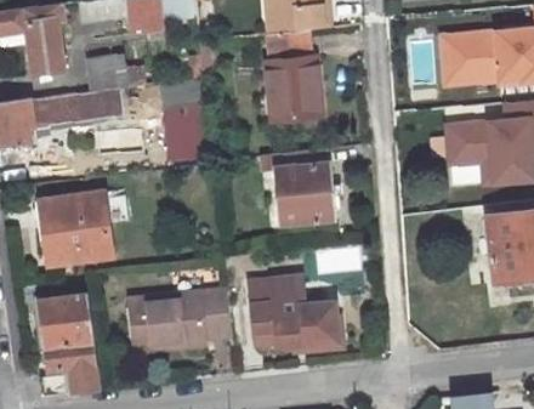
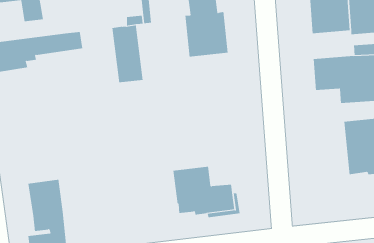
building: [89,52,144,89] -> none
building: [260,148,333,222] -> none
building: [36,192,114,265] -> none
building: [129,288,231,351] -> none

